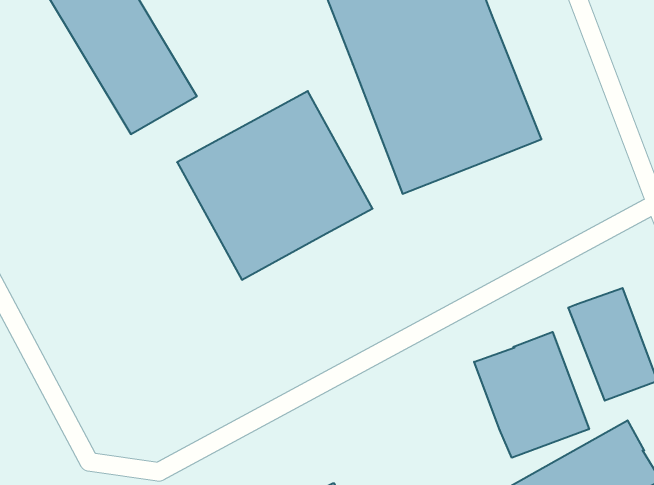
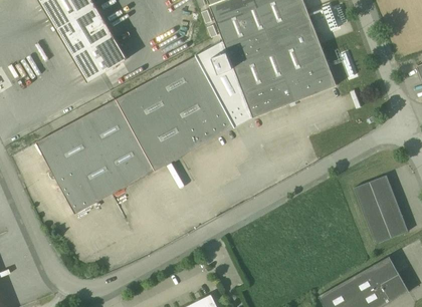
building: none -> [196,40,253,127]
building: none -> [36,99,156,214]
building: [474,332,589,458] -> none

